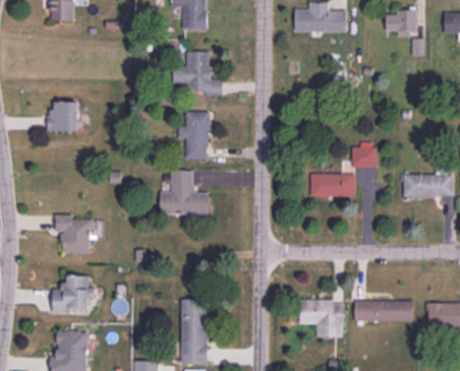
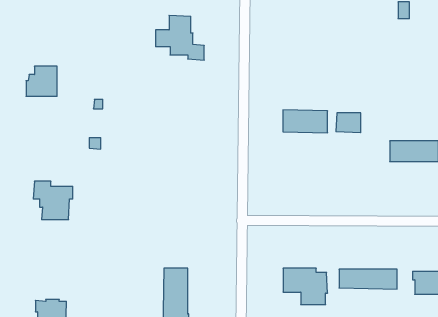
building: [178,112,208,158] -> none
building: [160,171,208,213] -> none
building: [310,174,354,196] -> [283,110,328,133]
building: [53,276,93,311] -> none

